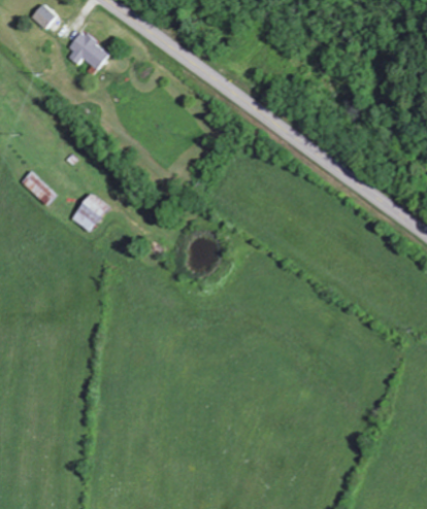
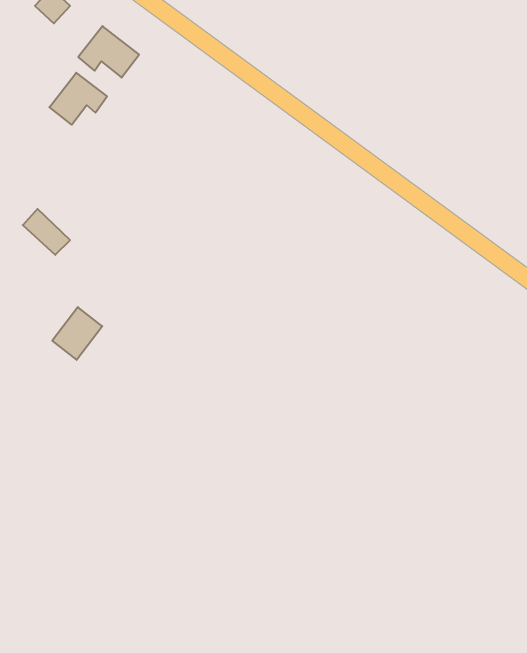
building: none -> [49,73,107,125]
building: [72,193,110,233] -> [52,307,102,360]

